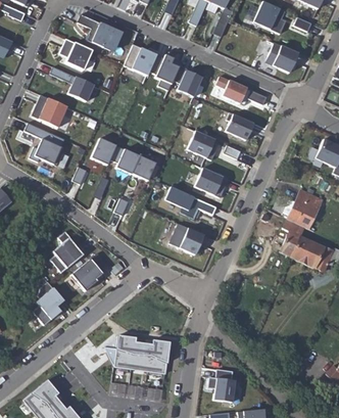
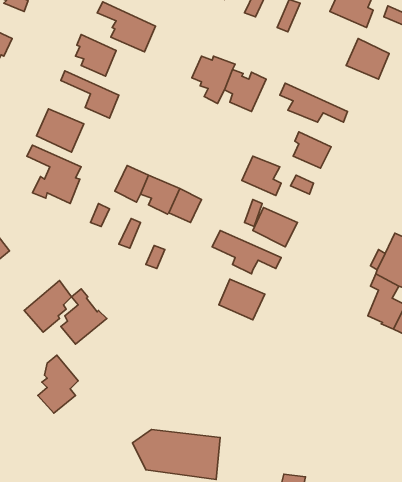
building: [124,44,158,76] -> none
building: [71,252,107,291] -> [24,281,72,332]

